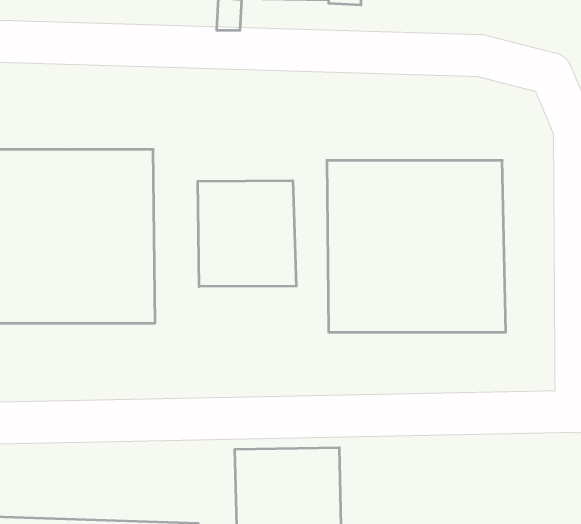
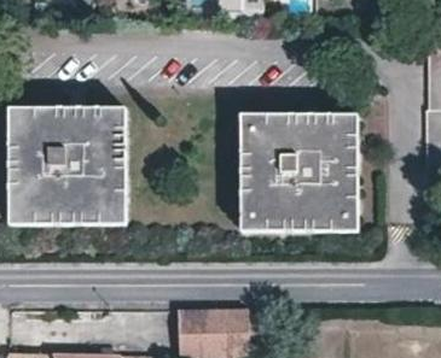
building: [198,181,296,287] -> none

